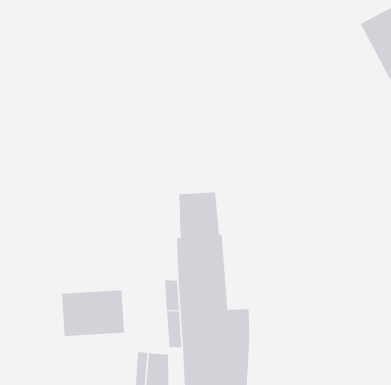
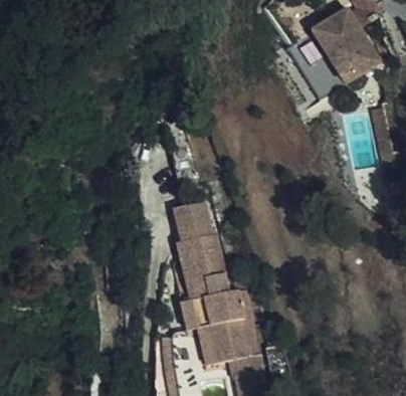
building: [62,290,124,337] -> none

